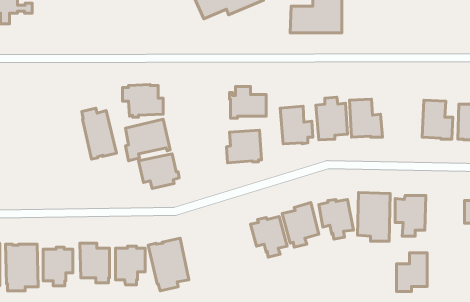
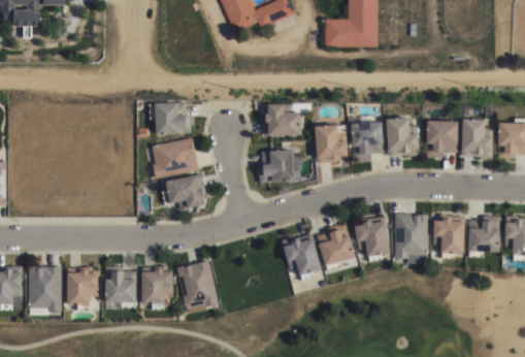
building: none -> [426,119,458,156]
building: [82,108,117,159] -> none
building: [396,253,427,292] -> [468,216,500,256]

